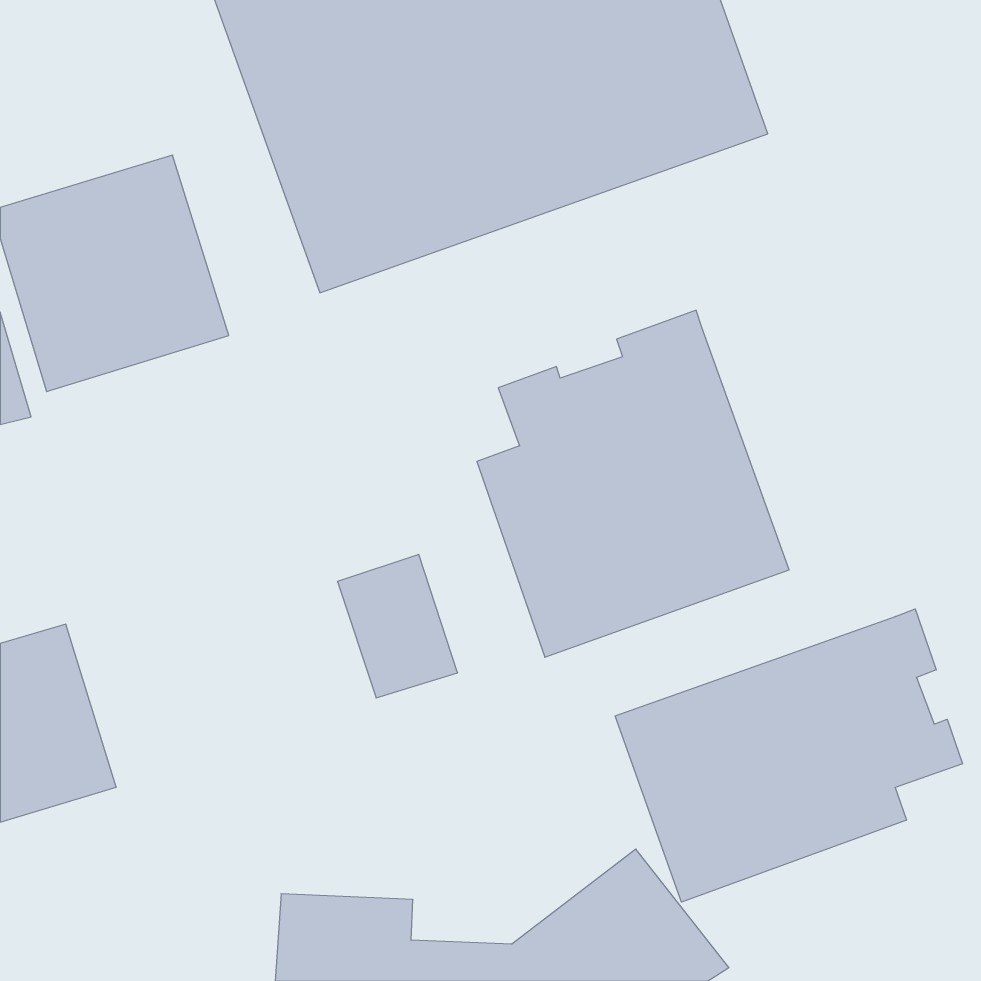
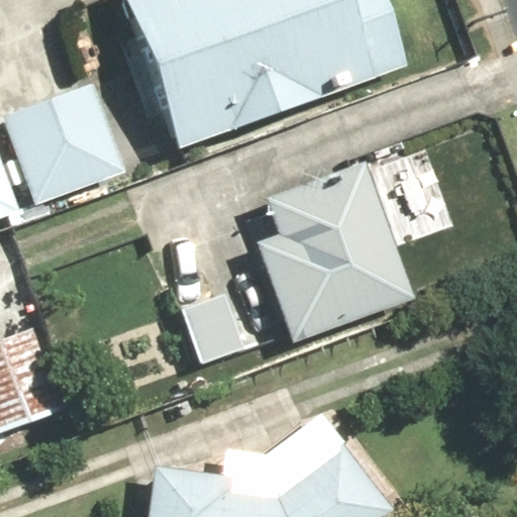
building: [615,609,963,902] -> none

